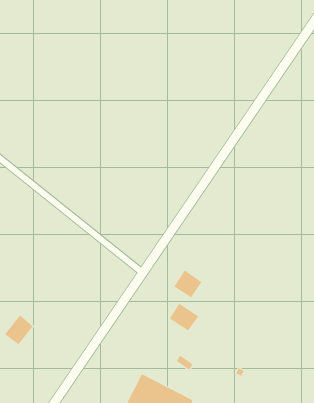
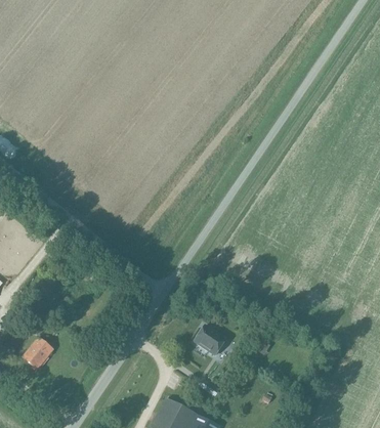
building: [173,270,202,298] -> none

